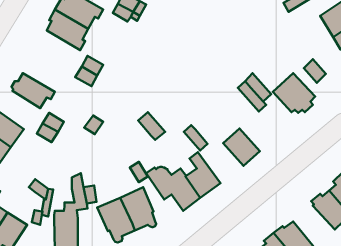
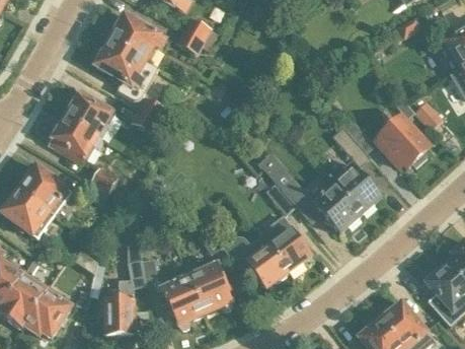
building: none -> [66,93,114,140]
building: none -> [330,162,381,214]
building: [138,112,165,140] -> [258,152,292,187]

